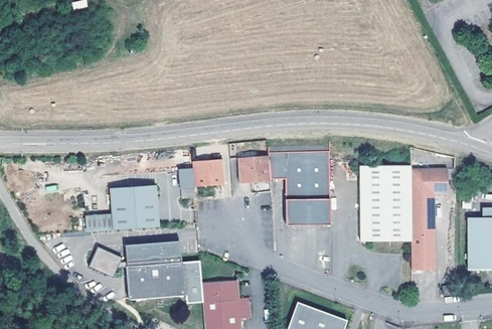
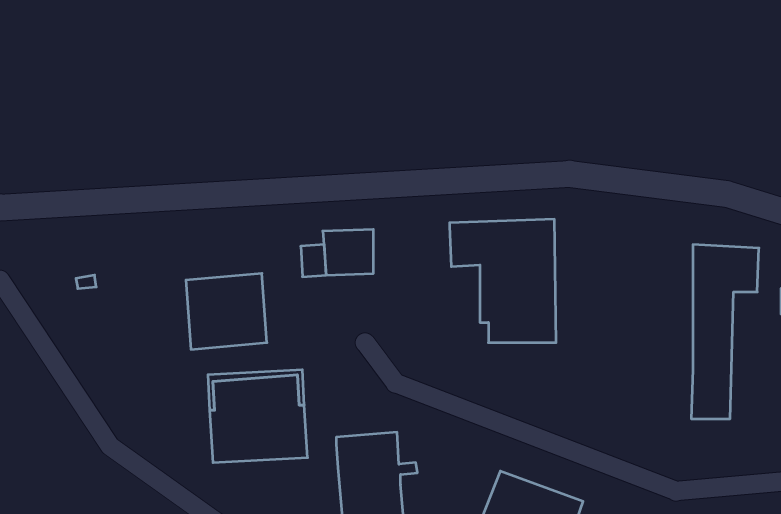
building: [238,156,270,183] -> none
building: [361,164,414,241] -> none
building: [88,215,114,231] -> none
building: [88,246,121,278] -> none
building: [181,262,201,301] -> none

